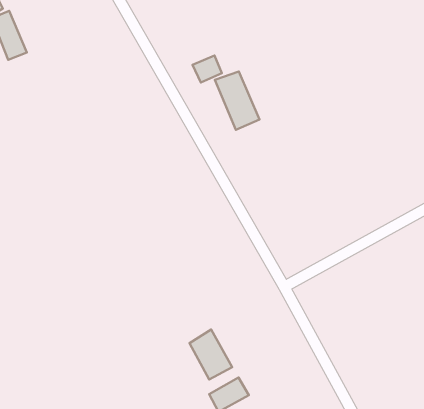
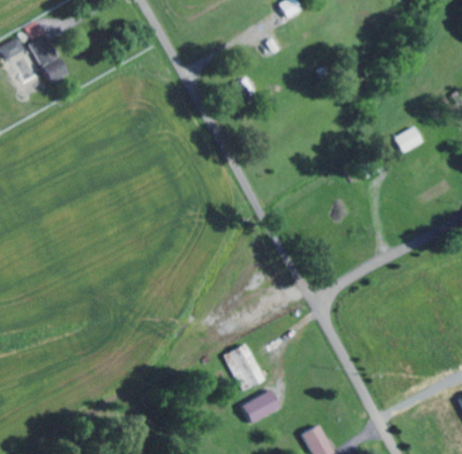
building: [215,71,260,130] -> none
building: none -> [394,126,424,153]

